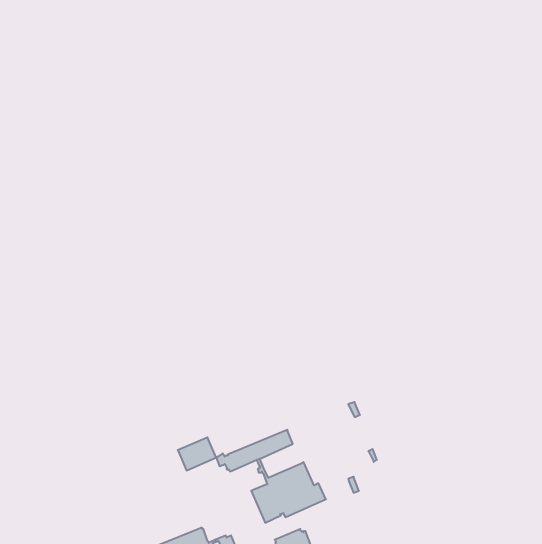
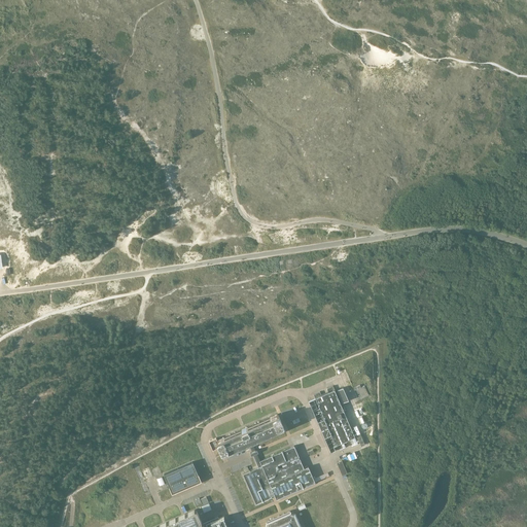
building: none -> [315,387,356,453]
building: [178,437,216,470] -> [166,463,203,495]

